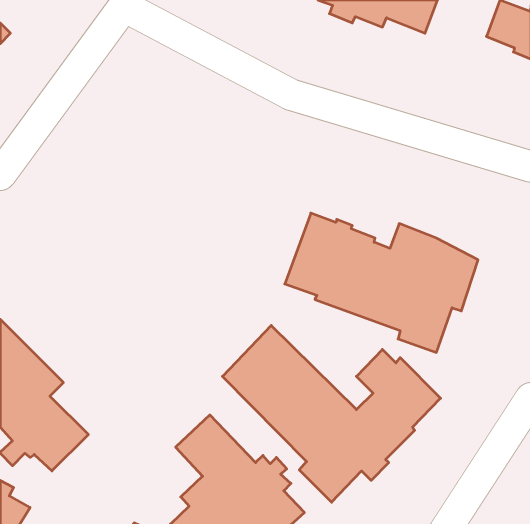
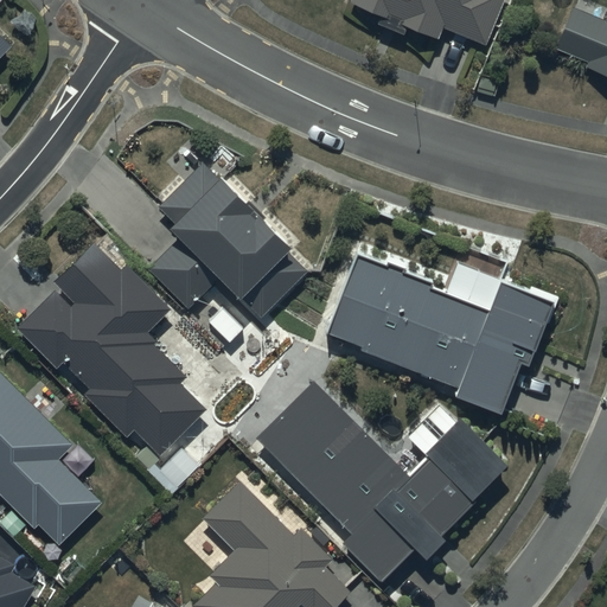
building: none -> [147,164,307,344]
building: none -> [18,243,205,471]

